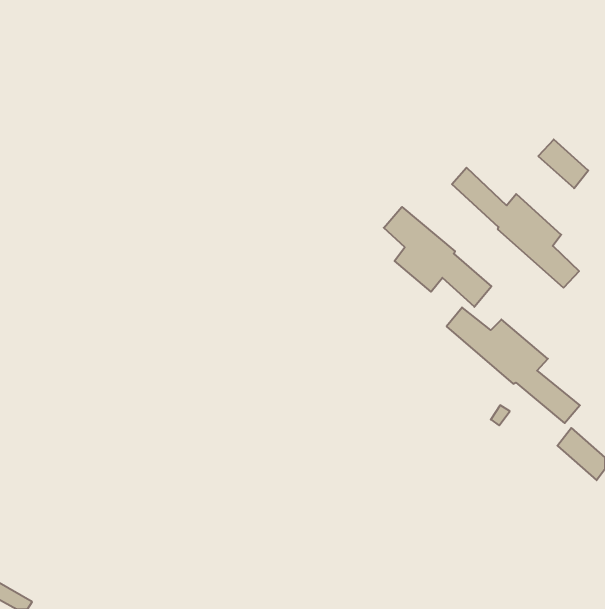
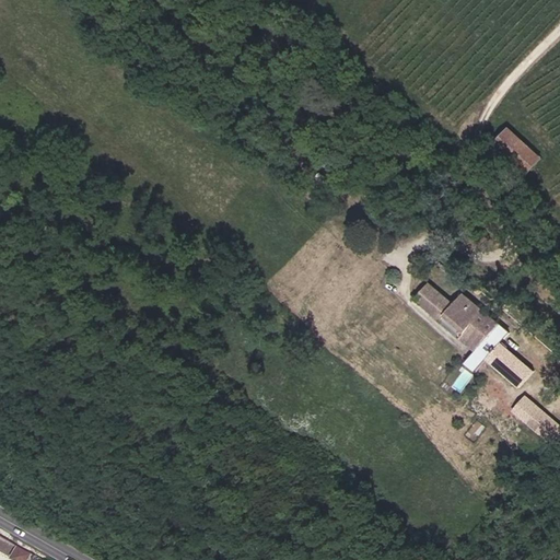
building: [452,168,579,288] -> none
building: [384,207,491,307] -> none

